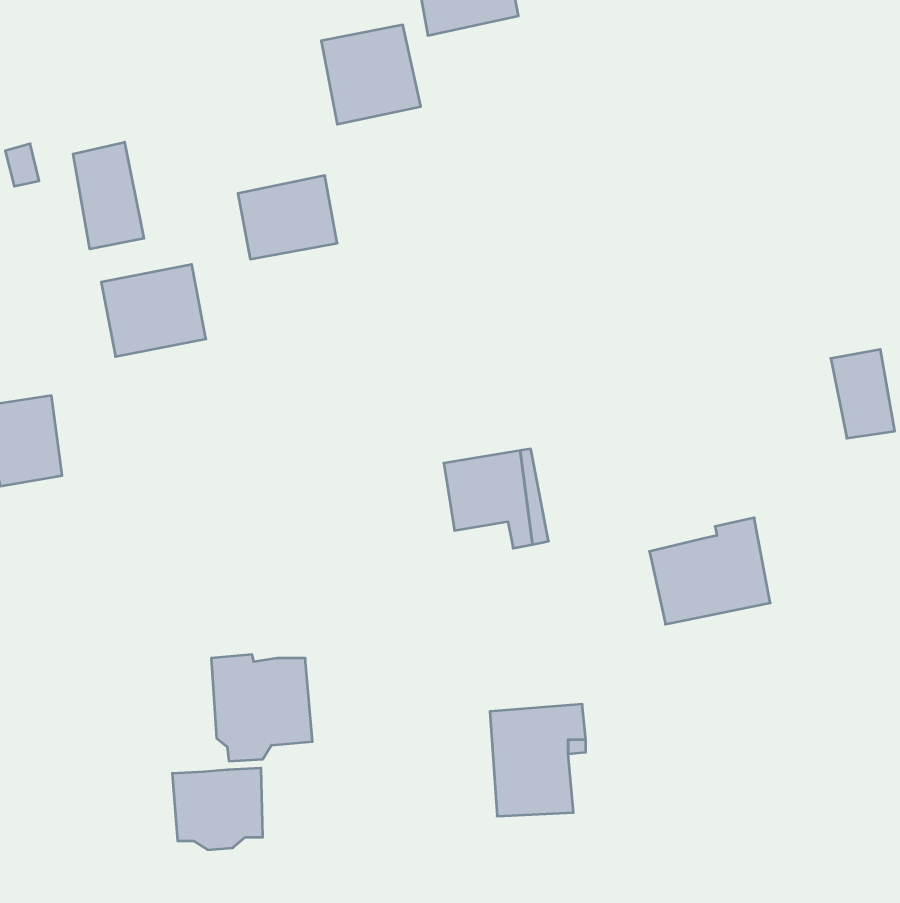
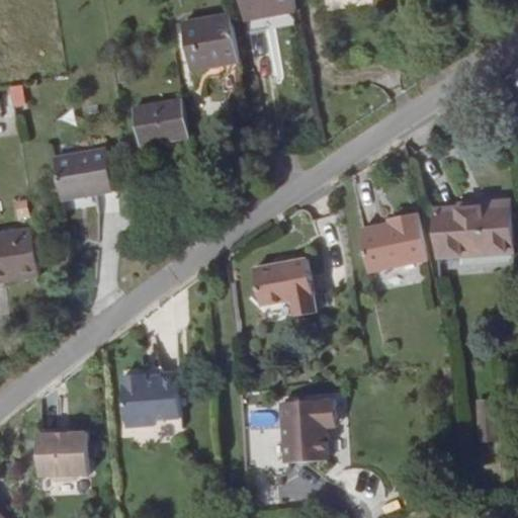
building: [73,142,144,249] -> none
building: none -> [427,204,483,259]
building: [649,518,770,624] -> [357,207,426,268]
building: [172,768,263,850] -> [31,431,83,478]

